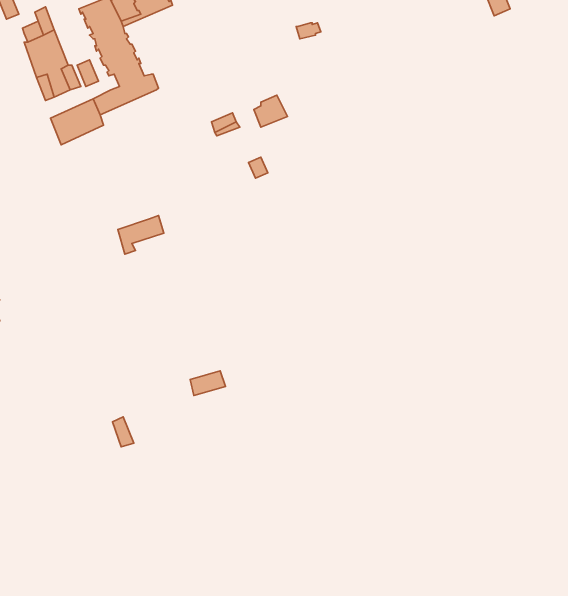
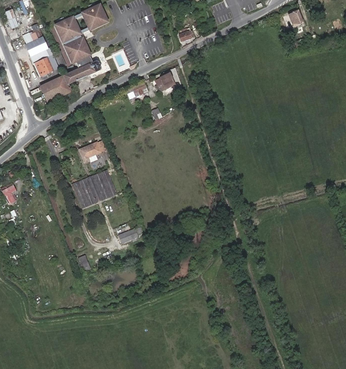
building: none -> [73,169,118,207]

